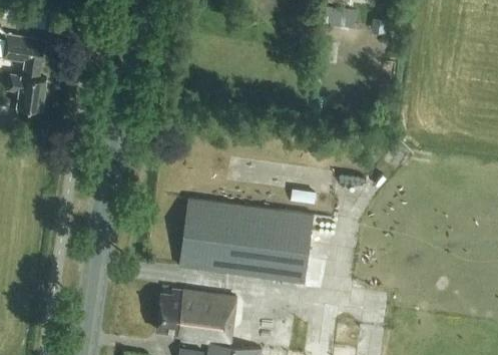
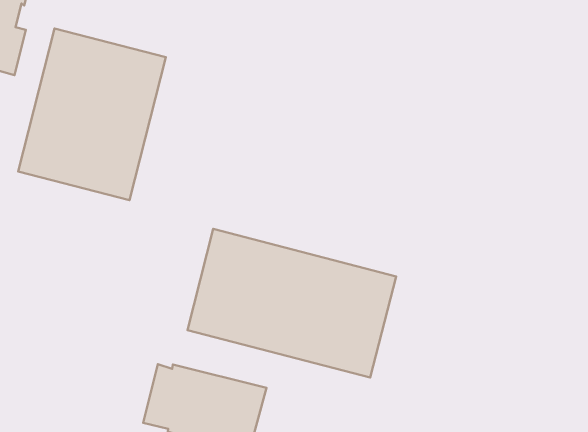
building: none -> [18,28,166,200]

